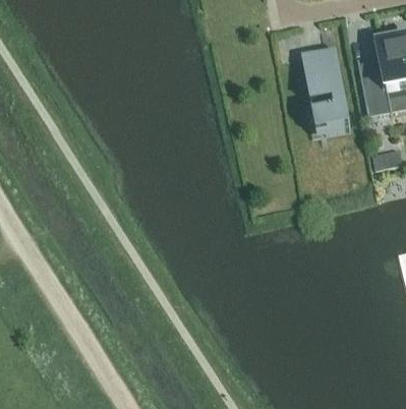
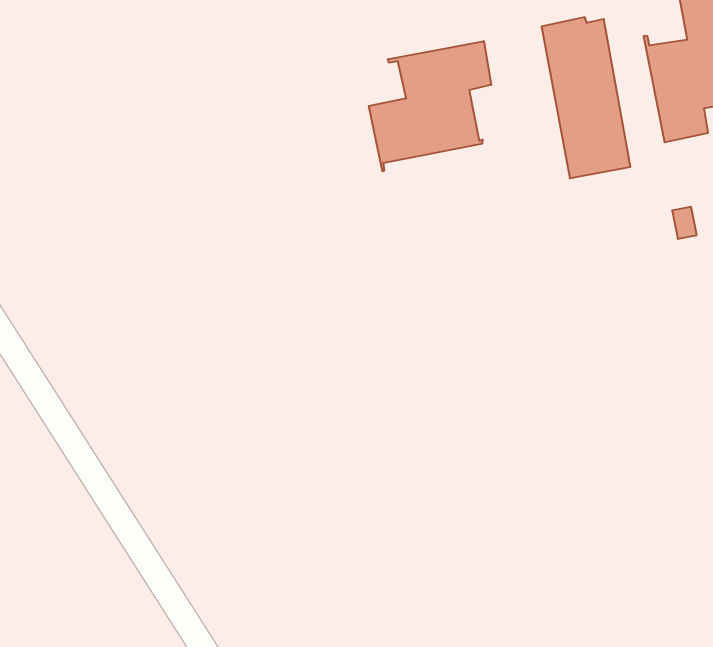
building: none -> [369,41,491,171]

